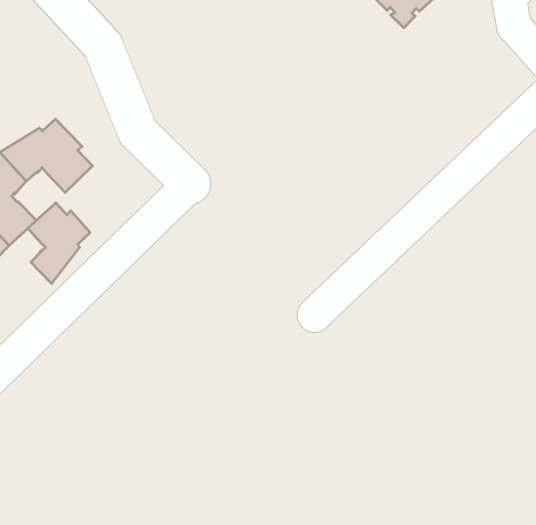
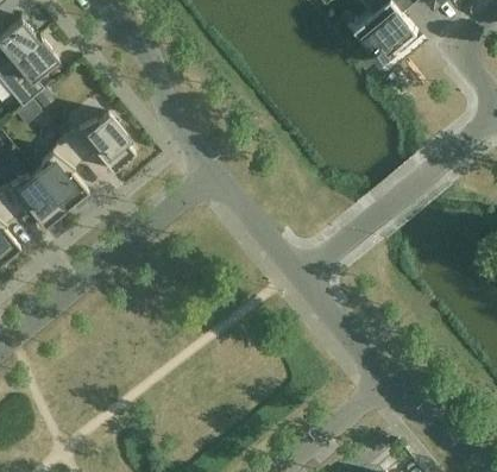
building: [28,203,90,284] -> none

